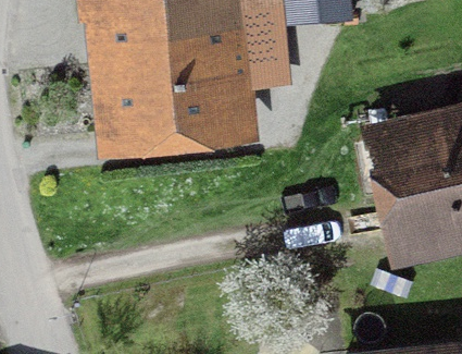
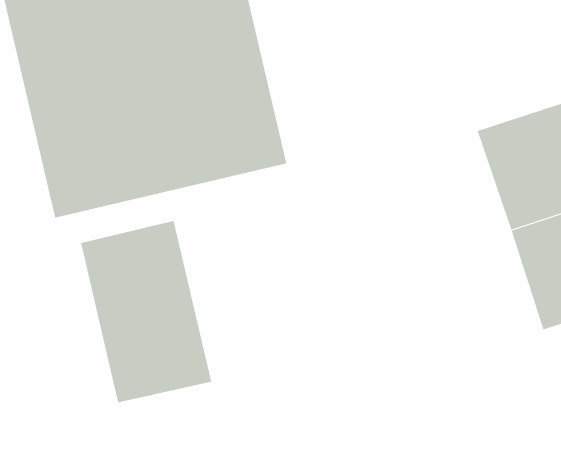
building: none -> [81,220,212,403]

